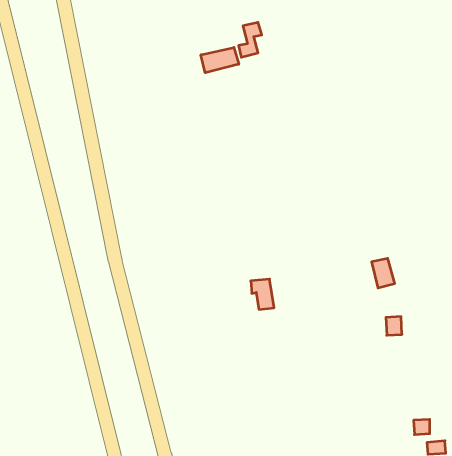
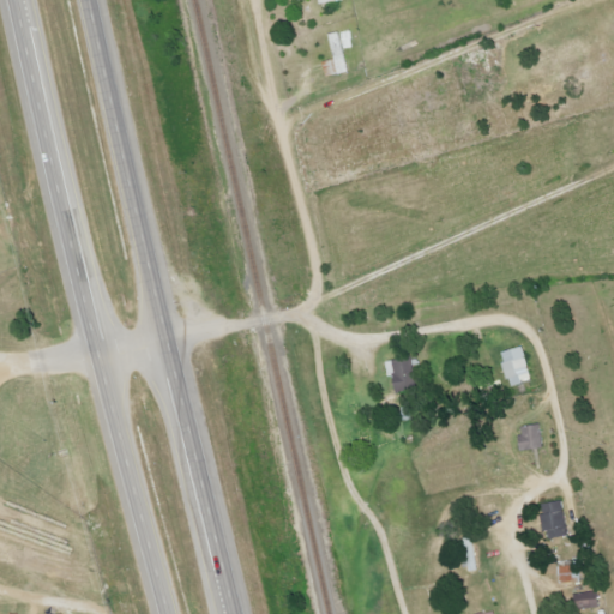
building: [201,47,239,73] -> none
building: [251,279,274,309] -> [384,357,415,398]
building: none -> [540,501,566,538]

